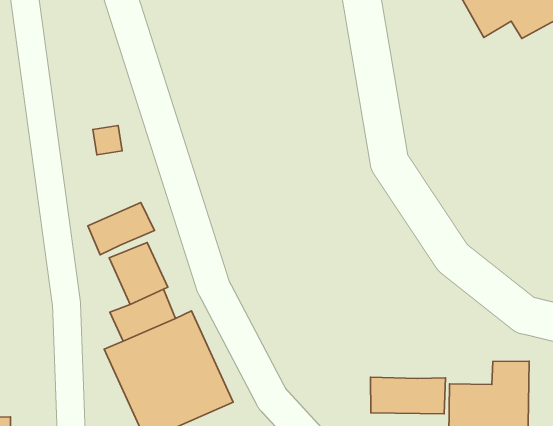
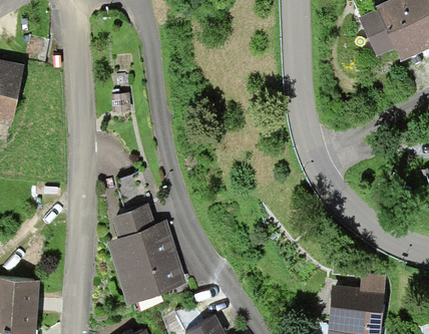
building: [88,202,154,255] -> none
building: [370,377,446,414] -> none

